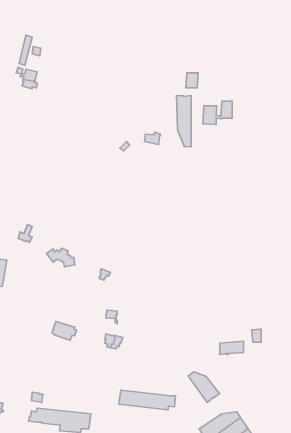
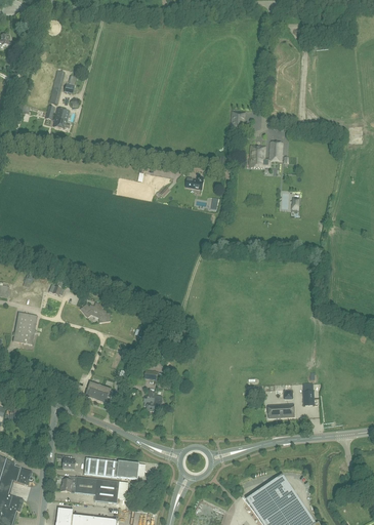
building: [177,96,191,147] -> none
building: [188,372,219,403] -> none
building: [119,390,175,410] -> [83,457,144,479]

